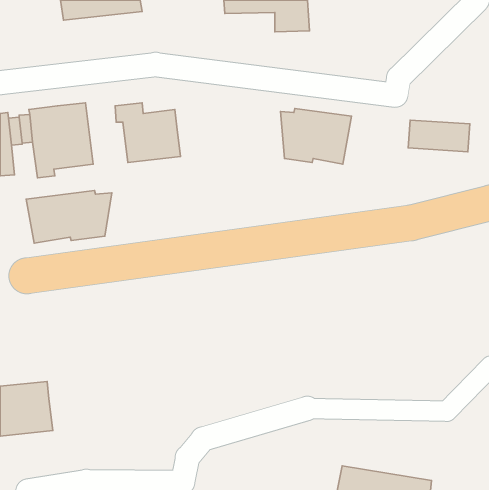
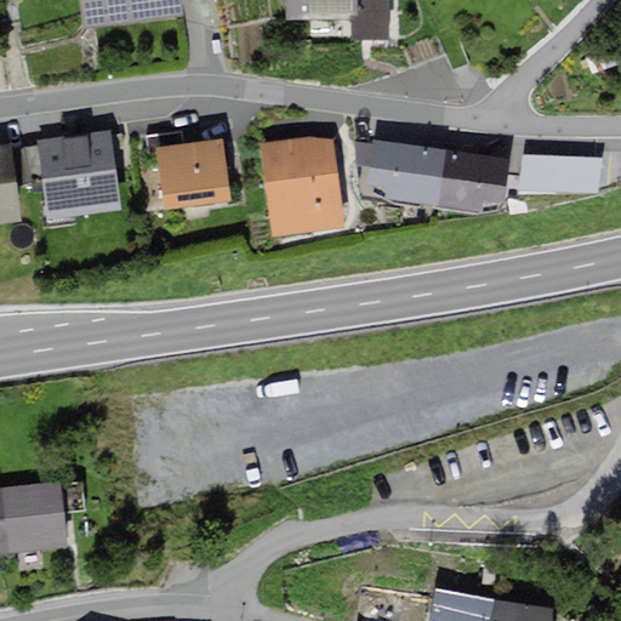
building: none -> [261,135,343,235]
building: none -> [435,148,509,213]
building: [26,191,112,243] -> none

